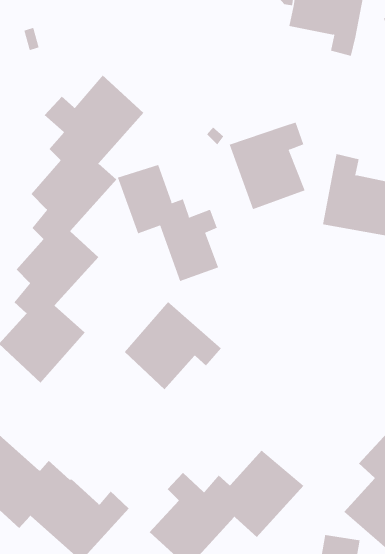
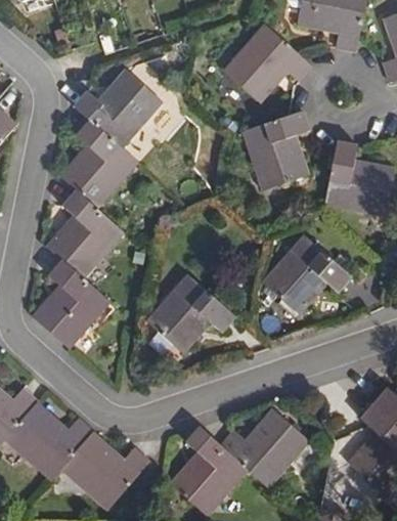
building: none -> [222,24,310,102]
building: [117,164,219,282] -> none
building: none -> [263,232,352,313]

